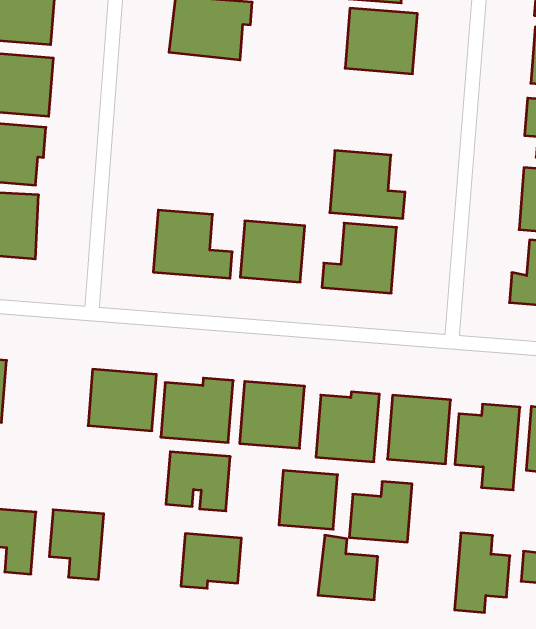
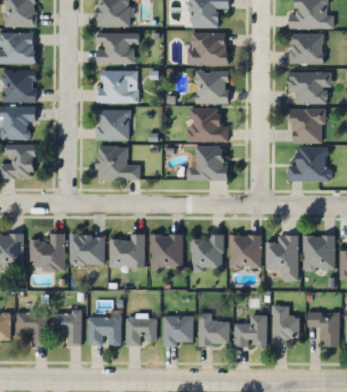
building: none -> [99,71,138,102]
building: none -> [196,71,228,104]
building: [240,221,305,282] -> [97,110,129,140]
building: none -> [31,233,65,269]
building: [166,452,230,511] -> [89,316,121,345]
building: [279,470,338,529] -> [164,315,193,344]
building: [349,482,412,542] -> [235,315,266,346]

